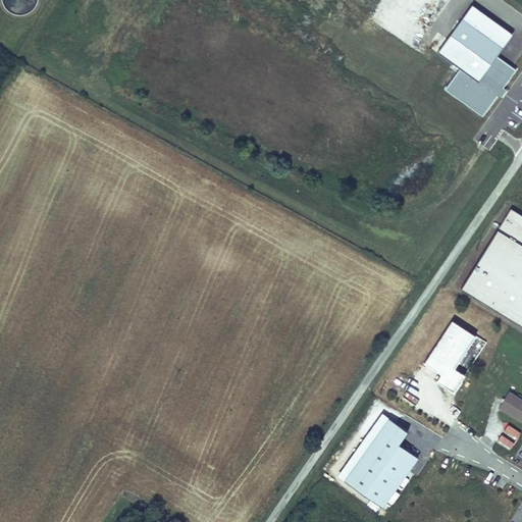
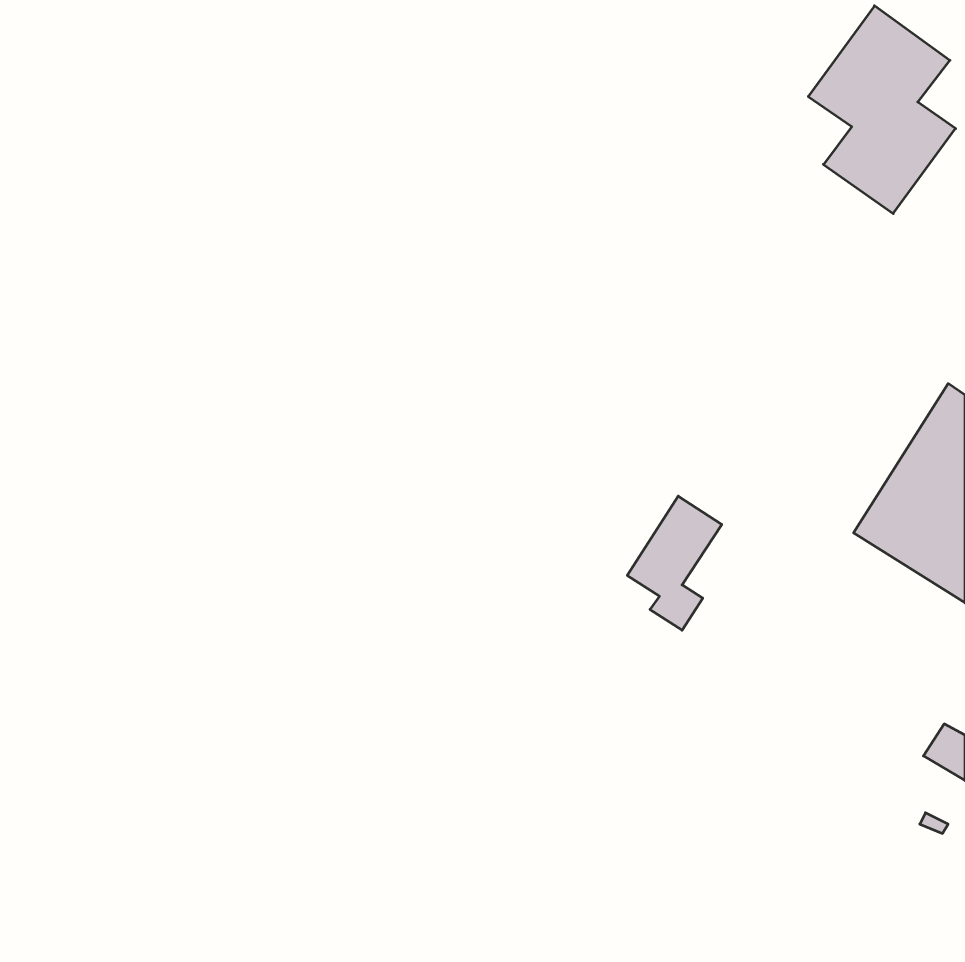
building: [424,321,475,394] -> [627,496,722,630]
building: [344,418,419,509] -> none

